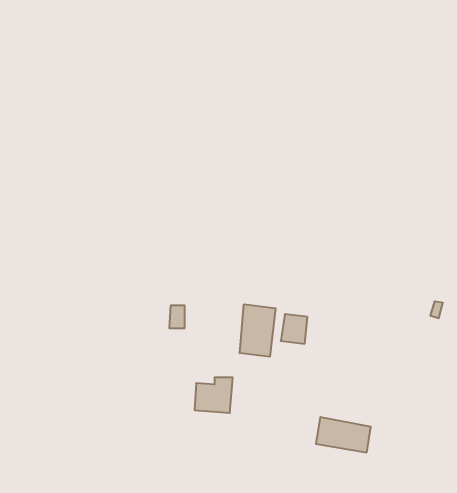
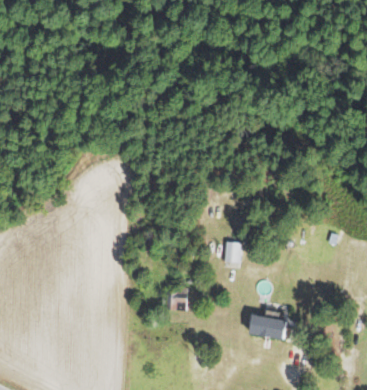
building: [240,304,276,357] -> none

